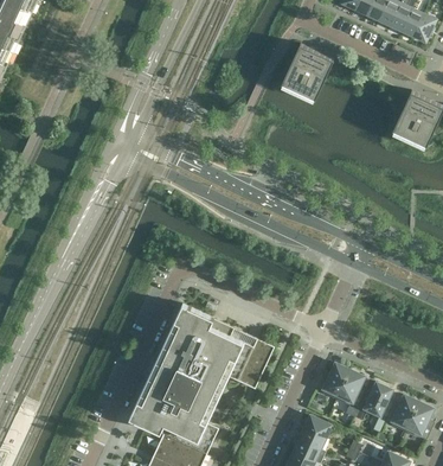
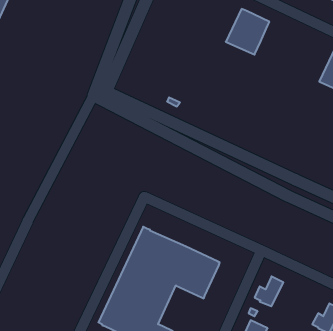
building: [335,370,364,408] -> none
building: [365,383,391,420] -> none

